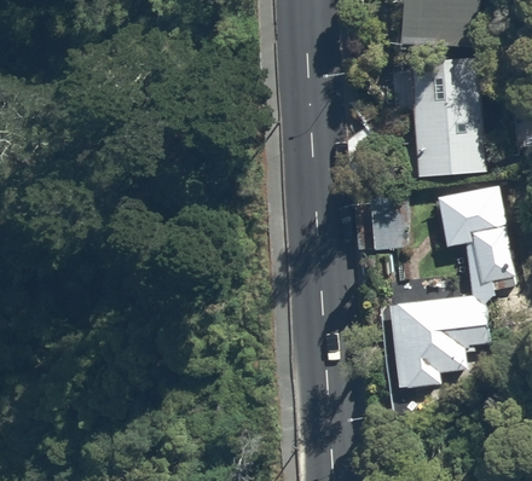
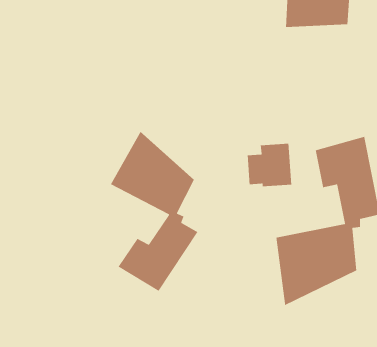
building: [411,57,487,179] -> none
building: none -> [110,131,198,292]

